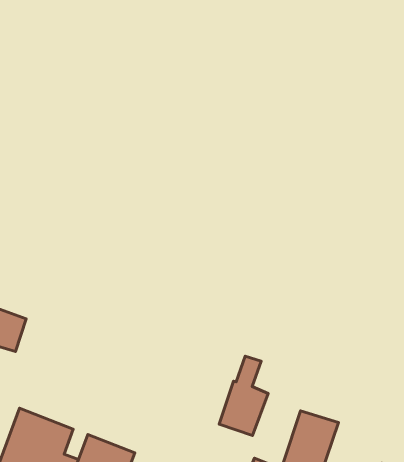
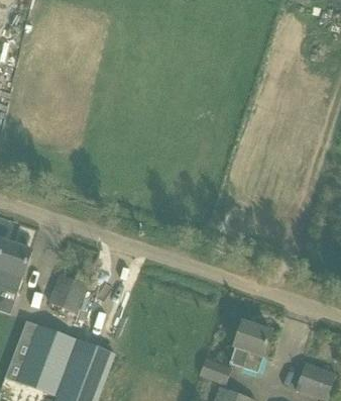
building: none -> [50,274,87,311]
building: [219,356,268,436] -> none

